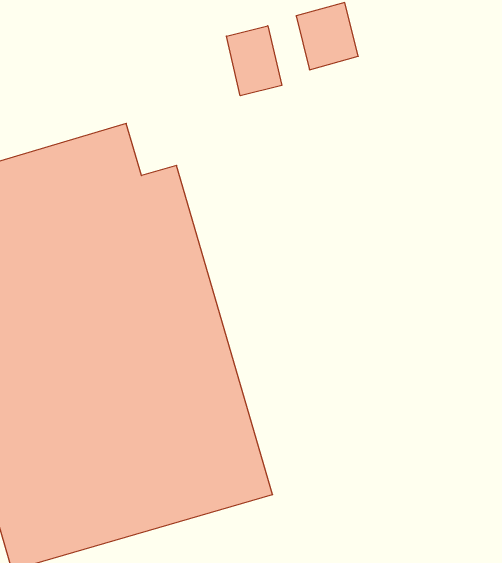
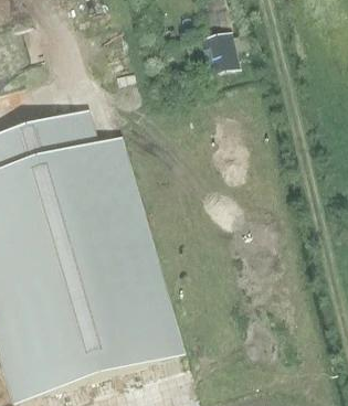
building: [226,26,282,96] -> none

